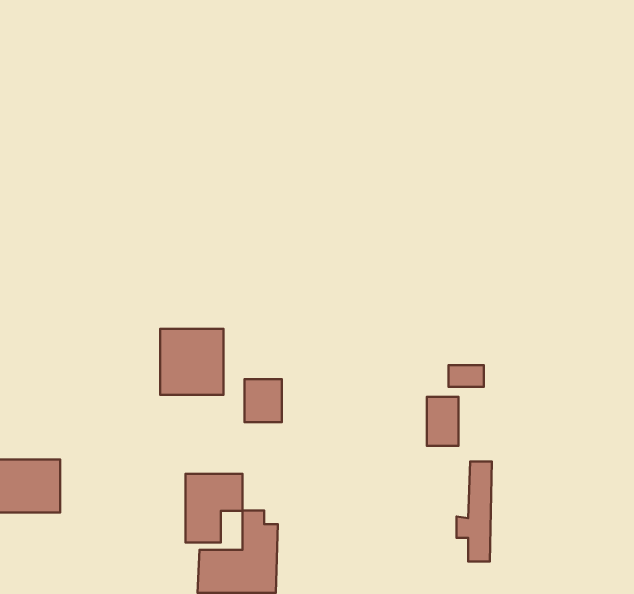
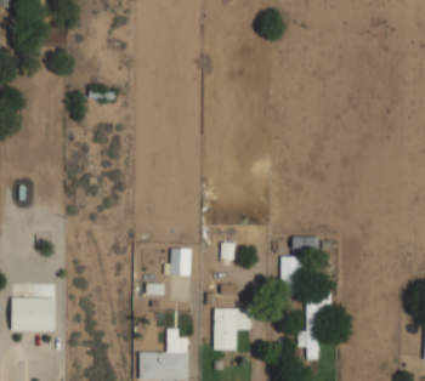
building: [160,329,224,395] -> none
building: [186,474,243,542] -> [214,307,249,349]

